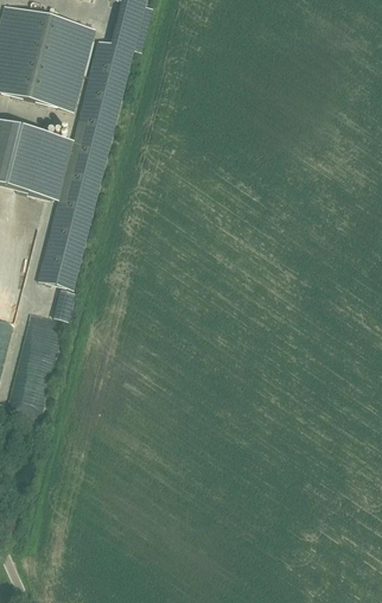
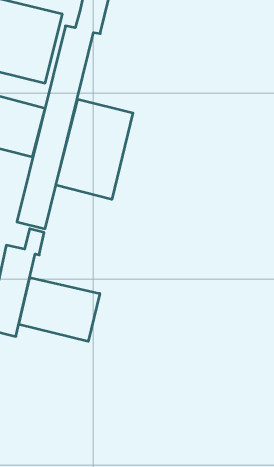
building: none -> [56,99,133,199]
building: none -> [19,277,100,341]

